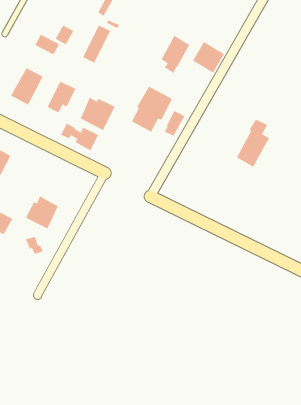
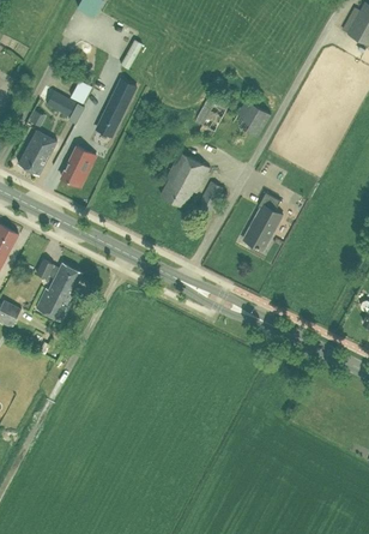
building: [79,97,115,131] -> none
building: [236,119,270,168] -> [242,193,282,251]
building: [60,123,99,151] -> [35,259,80,293]

